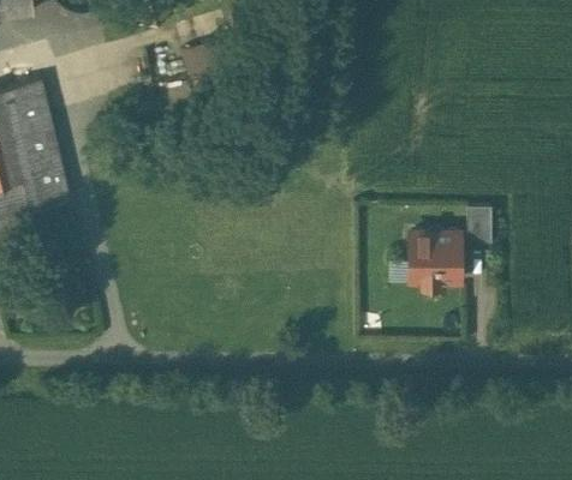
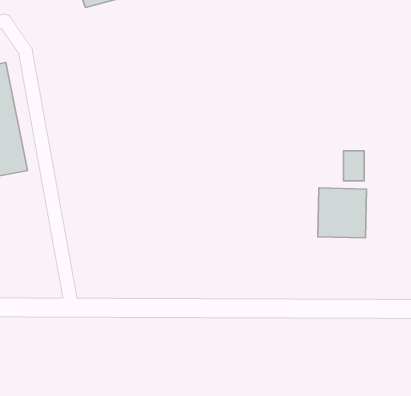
building: [467,206,491,241] -> [344,151,364,181]

